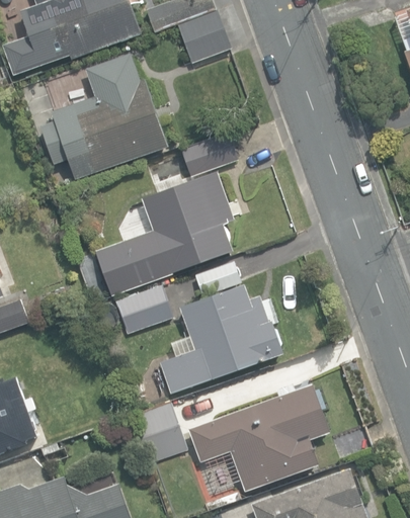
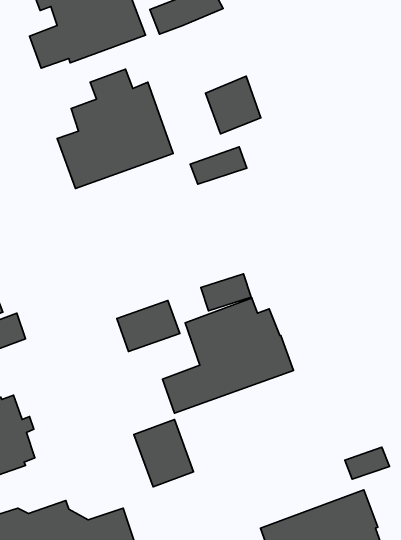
building: [176,9,229,64] -> [206,76,261,134]
building: [95,171,234,295] -> none
building: [186,383,329,491] -> none

